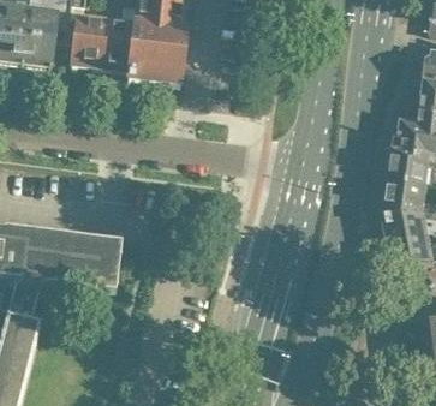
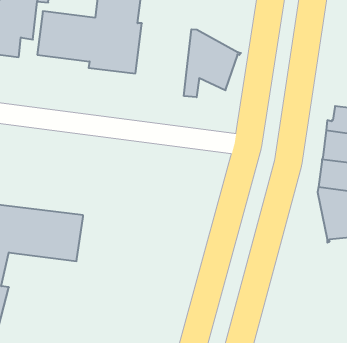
building: none -> [184,29,241,97]

